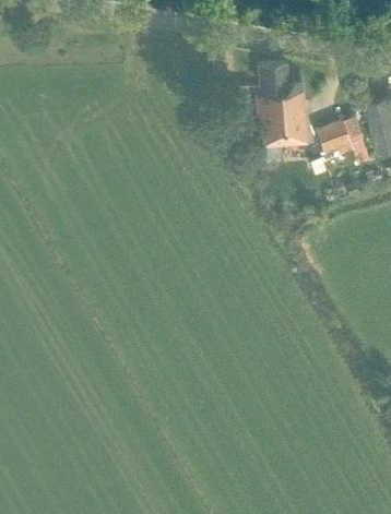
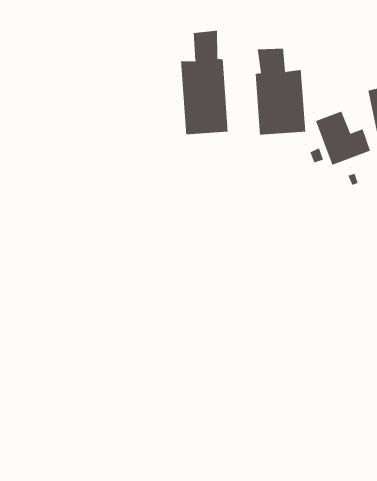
building: none -> [181,30,228,135]

